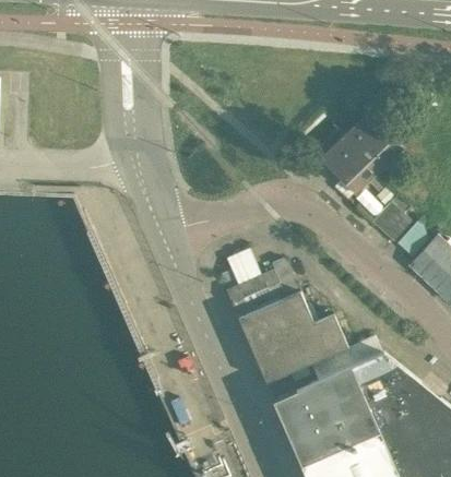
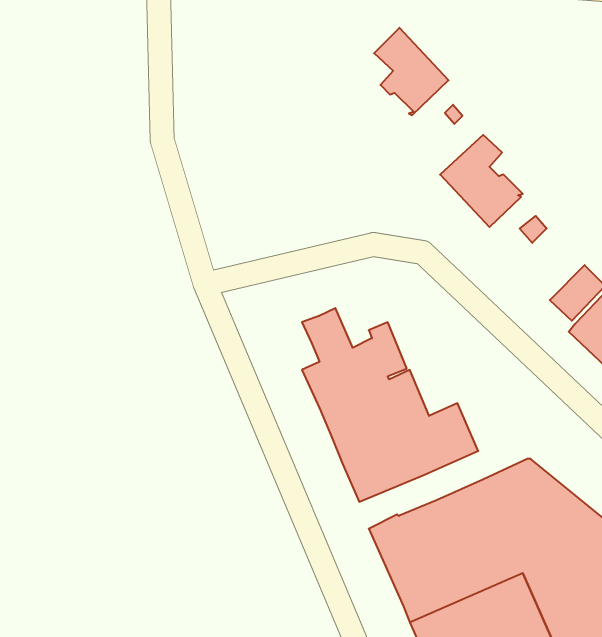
building: [351,114,402,174] -> [374,28,449,115]
building: [372,196,411,242] -> none
building: [310,337,381,382] -> none

